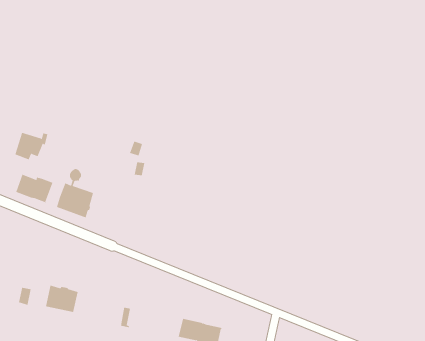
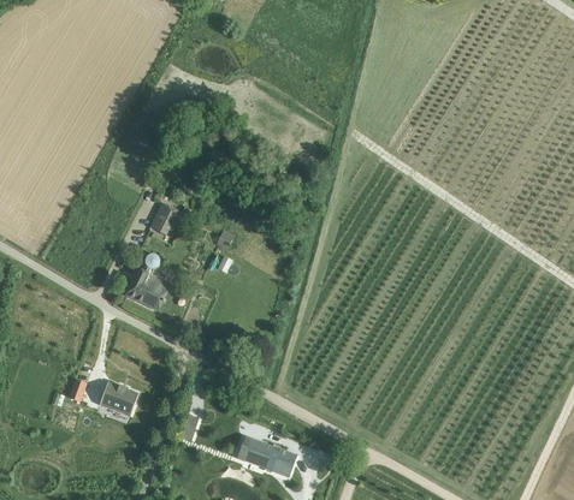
building: [15,132,48,160] -> [148,203,189,236]
building: [15,174,54,203] -> none

